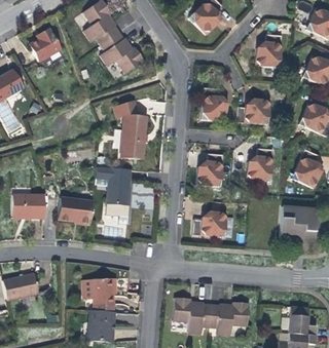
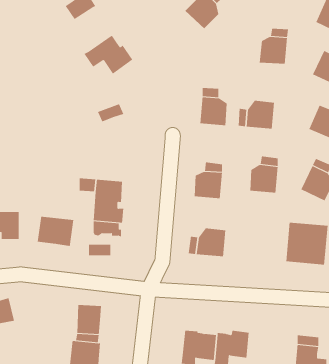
building: [83,15,123,54] -> none
building: [33,29,63,62] -> none
building: [122,115,149,159] -> none
building: [171,296,189,320] -> none

